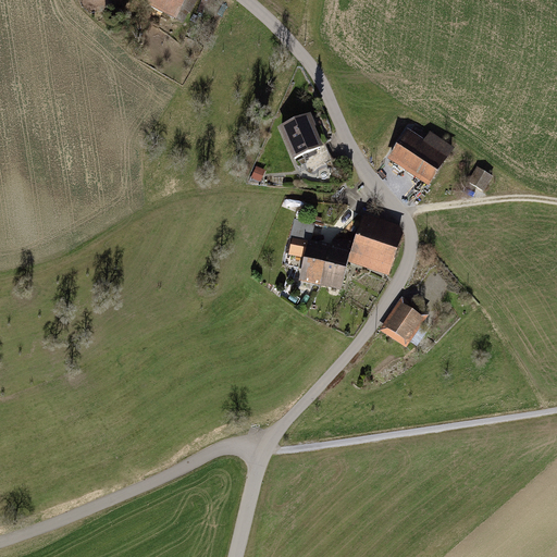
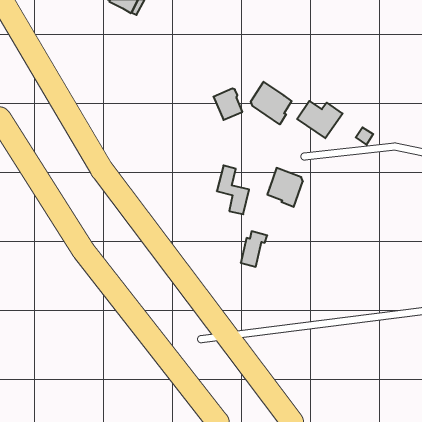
building: none -> [251,82,292,124]
building: [320,240,355,287] -> [241,231,267,267]
building: [386,306,423,344] -> none

